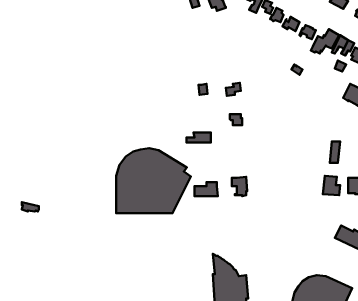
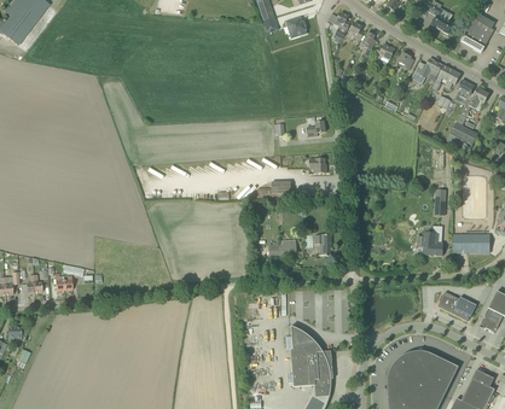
building: [116,148,191,213] -> none

